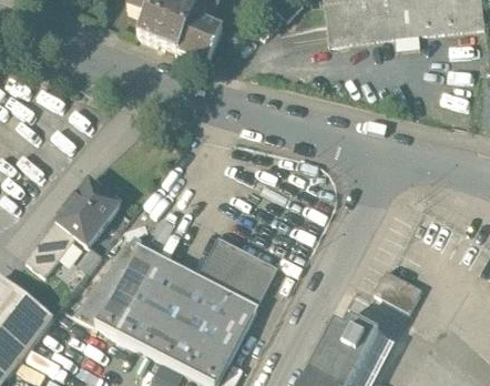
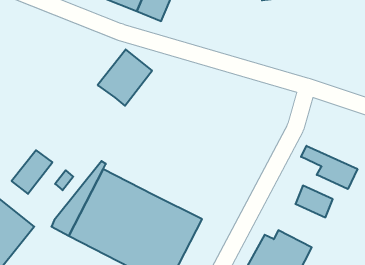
building: [53,176,120,245] -> [98,49,152,106]
building: none -> [301,146,357,189]
building: [197,236,277,305] -> none

